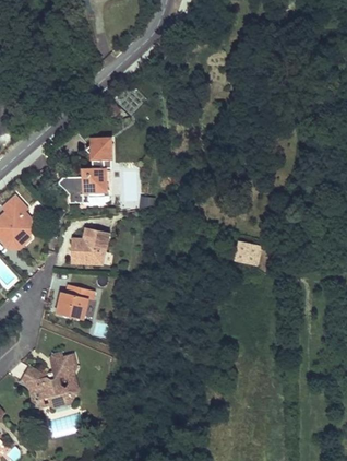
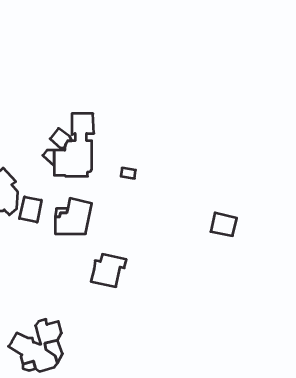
building: none -> [19,197,41,222]
building: [57,285,94,319] -> [91,254,126,287]

